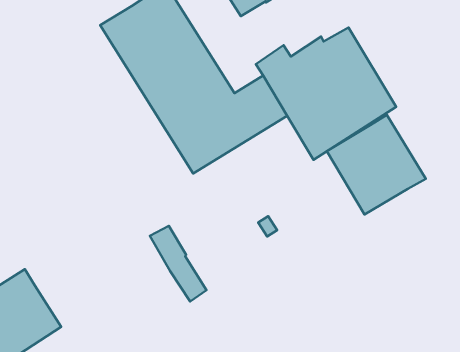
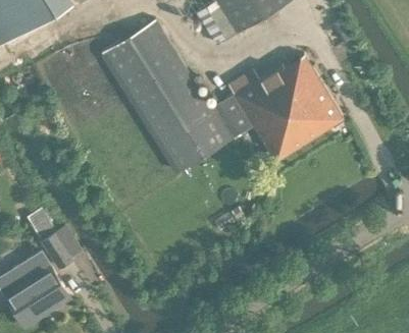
building: [327,115,426,215] -> none
building: [150,226,206,301] -> [27,209,72,270]

